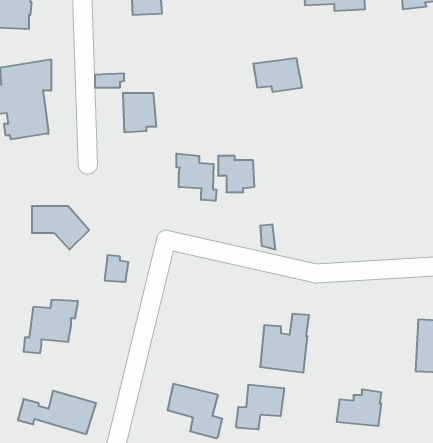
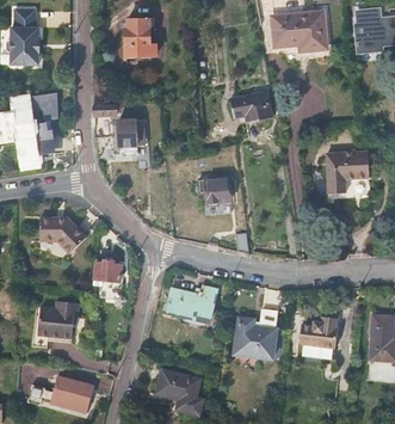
building: none -> [327,150,369,193]
building: [176,153,216,201] -> none
building: none -> [165,287,215,321]
building: [236,385,284,430] -> none
building: [337,390,381,426] -> [297,317,335,348]

